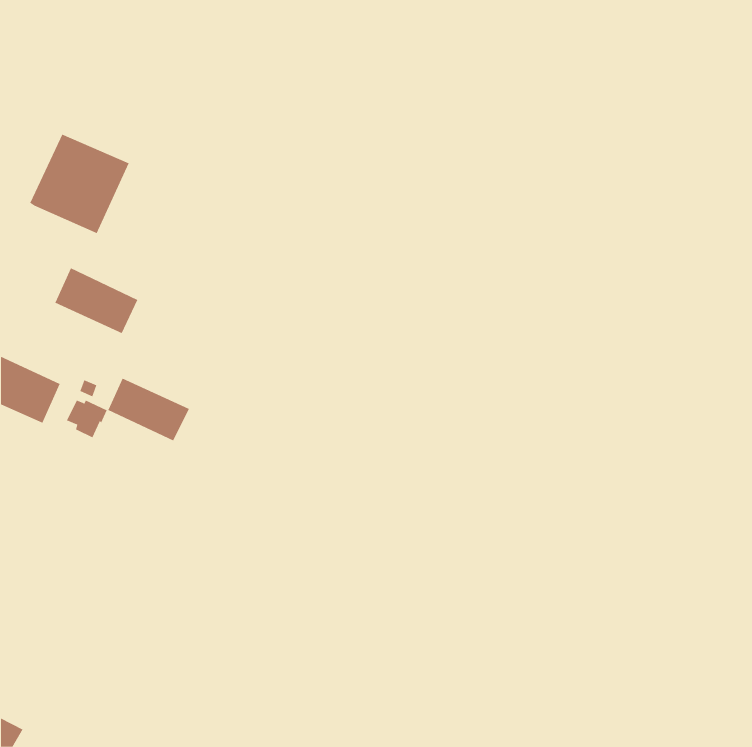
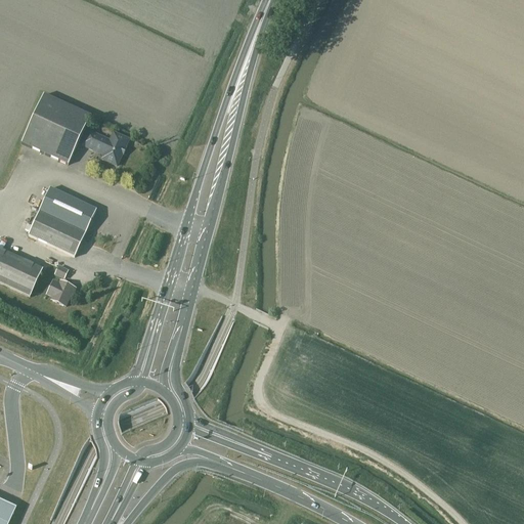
building: none -> [81,129,128,164]
building: [107,378,190,441] -> [28,211,85,255]

